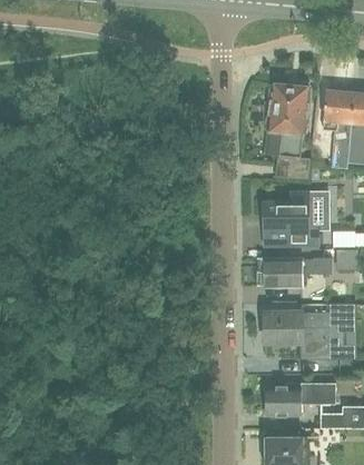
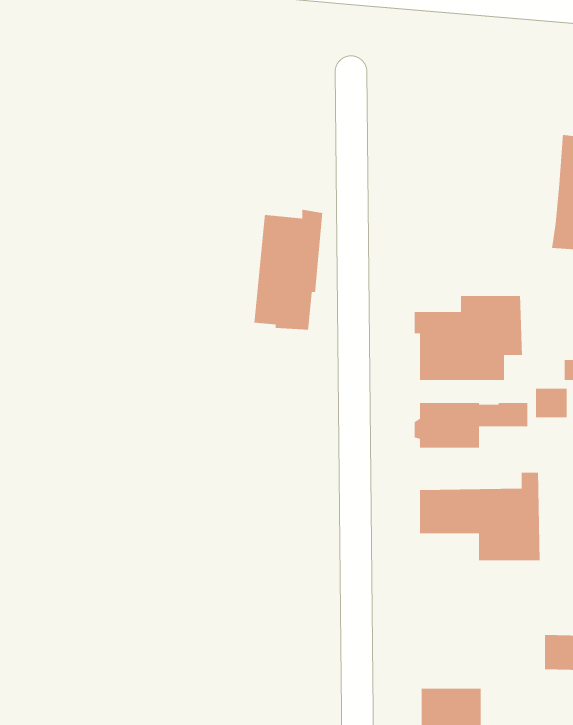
building: [265,81,308,157] -> [253,209,323,330]
building: [322,85,353,147] -> none
building: [264,383,335,416] -> none

